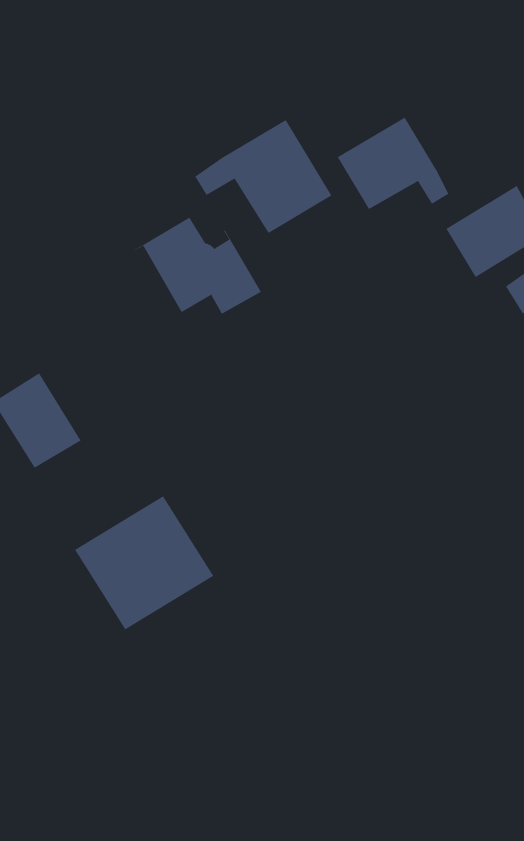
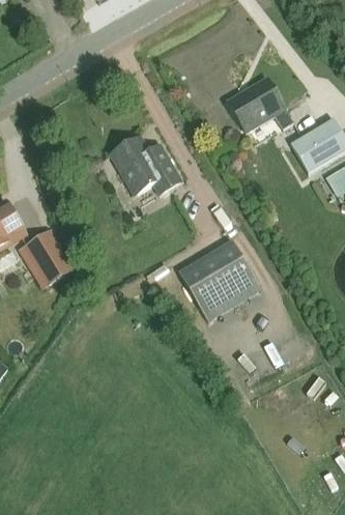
building: [195,119,332,234] -> none
building: [74,496,214,630] -> [178,241,261,321]

